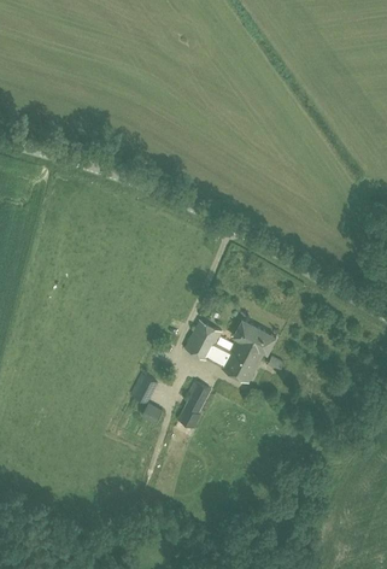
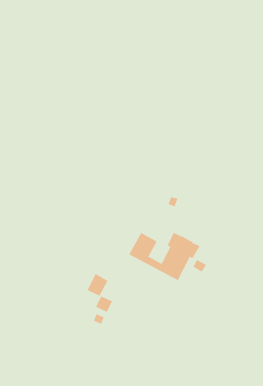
building: [178,379,212,427] -> none

